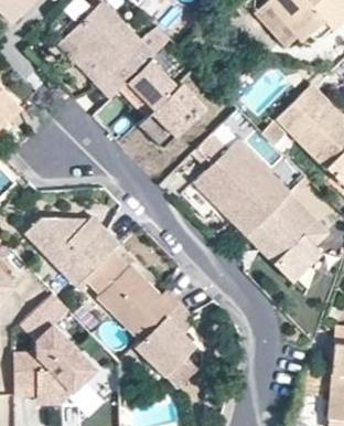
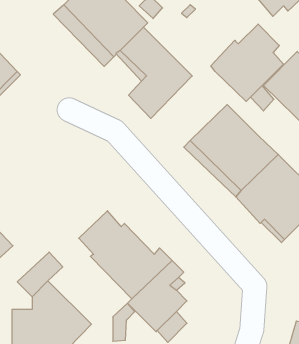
building: none -> [211,24,284,101]
building: [24,215,119,285] -> none

